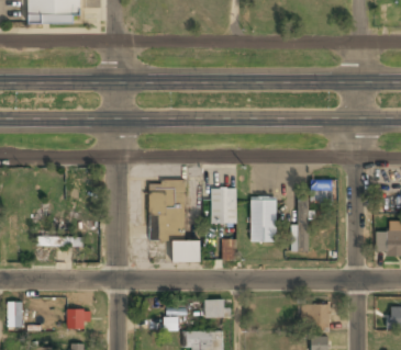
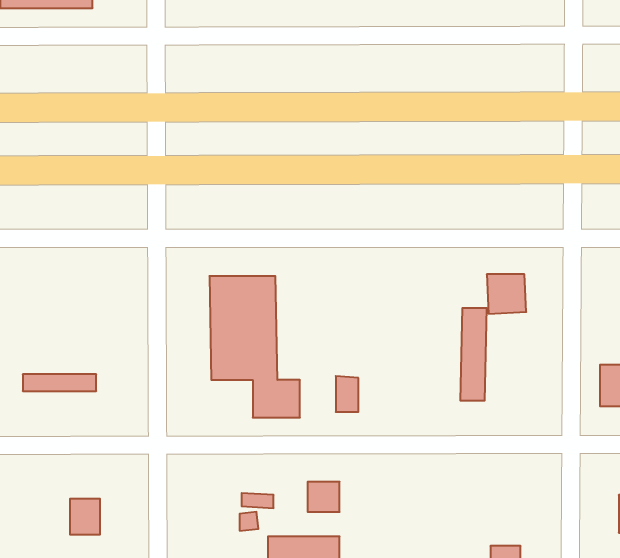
building: [211,187,236,224] -> none
building: [250,197,277,241] -> none
building: [301,303,330,329] -> none

